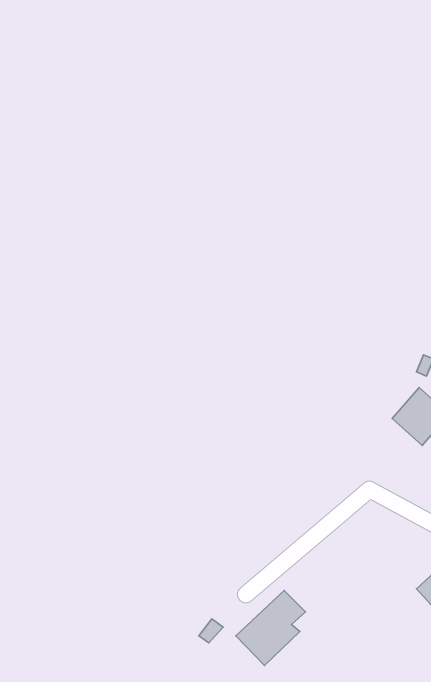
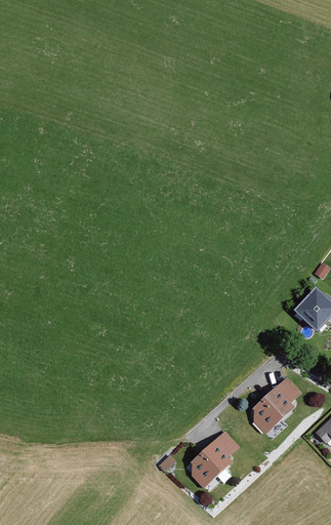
building: none -> [247,380,297,435]

